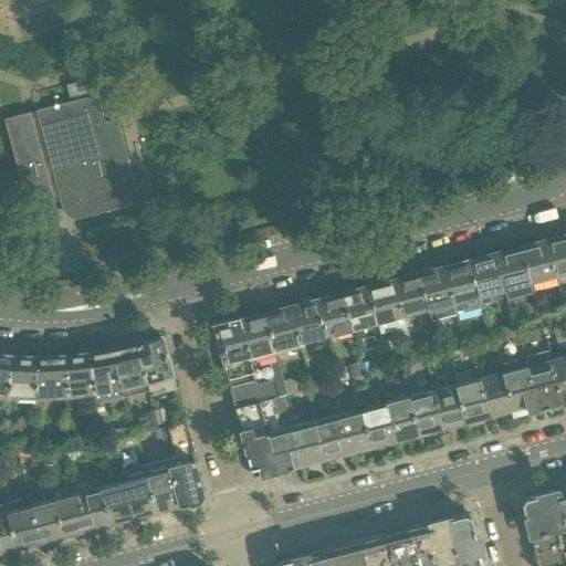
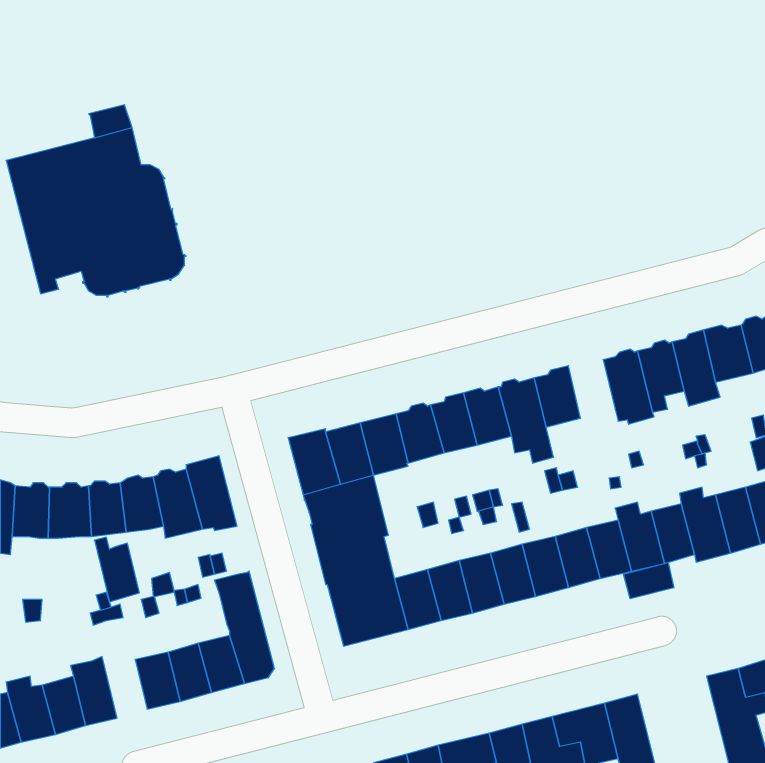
building: [420,268,458,323] -> none
building: none -> [623,563,674,599]
building: [76,484,109,532] -> [94,537,139,602]

